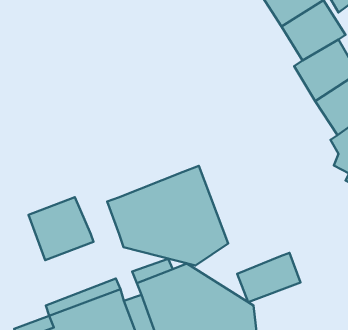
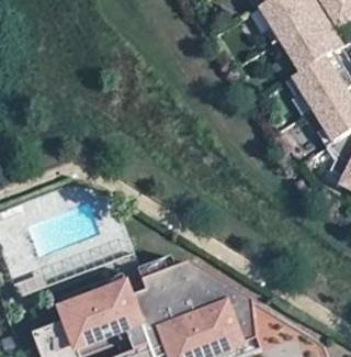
building: [107,166,228,266] -> none
building: [28,197,94,260] -> none
building: [237,253,301,302] -> none

